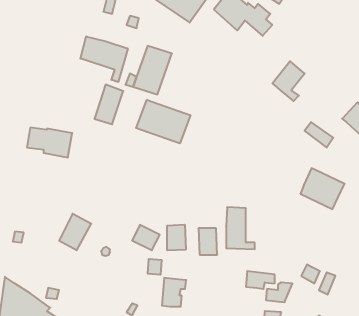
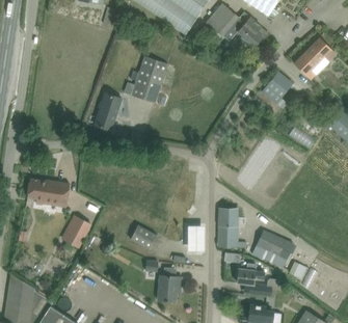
building: none -> [294,37,336,79]
building: [80,36,128,82] -> none
building: [136,100,190,143] -> none
building: [27,128,72,157] -> [27,179,70,207]
building: [300,168,345,209] -> [252,230,294,268]
building: [167,225,186,250] -> none

